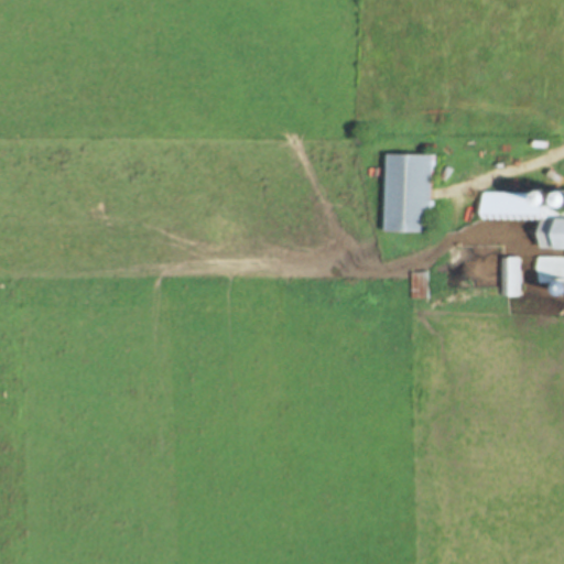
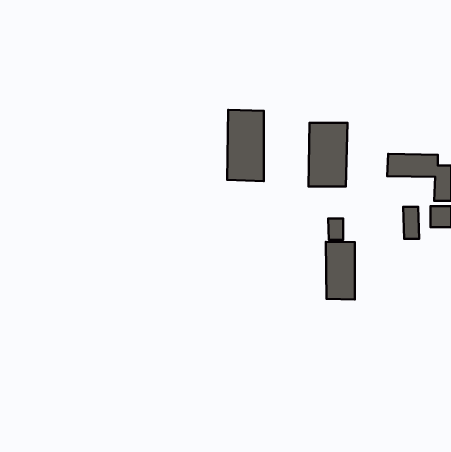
building: none -> [227,110,264,181]
building: none -> [326,242,355,299]

